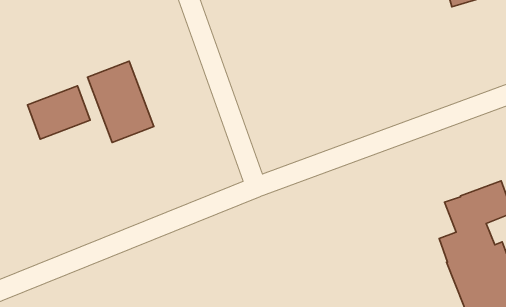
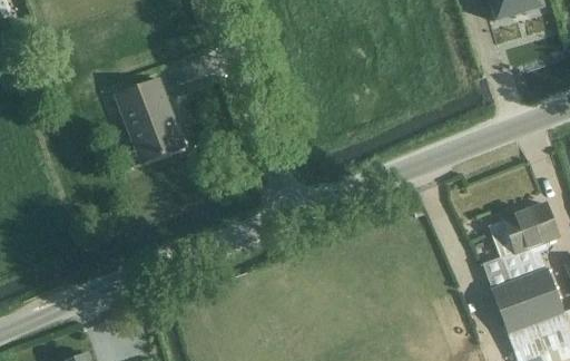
building: [27,86,90,139] -> none

